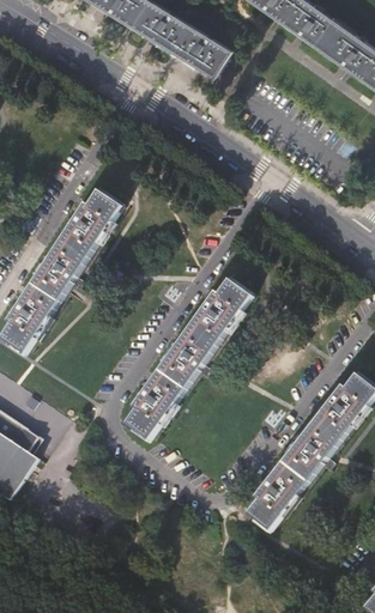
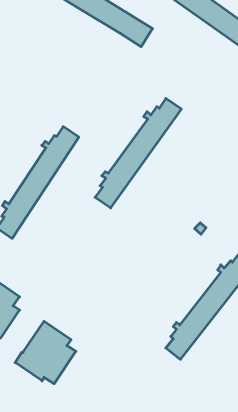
building: [125,279,250,438] -> [95,98,181,208]
building: none -> [15,321,76,384]

